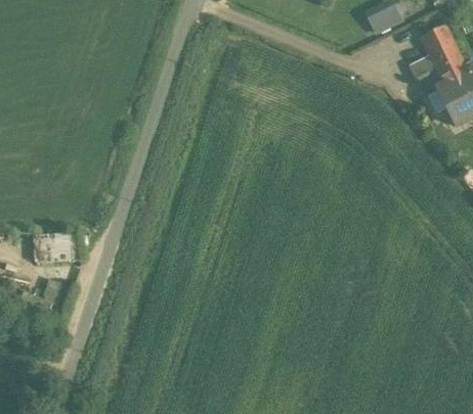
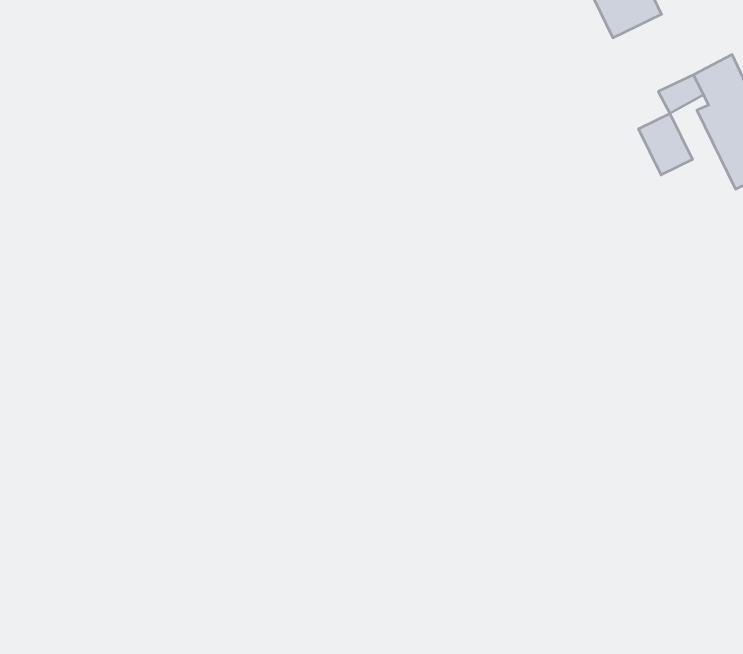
building: [416,24,448,54] -> none
building: none -> [639,113,692,175]

